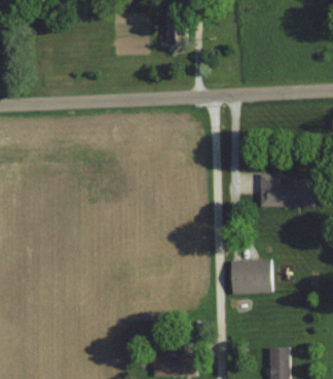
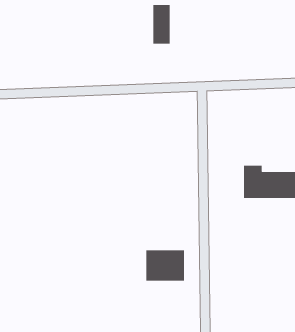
building: [231,260,271,291] -> [145,250,185,281]

